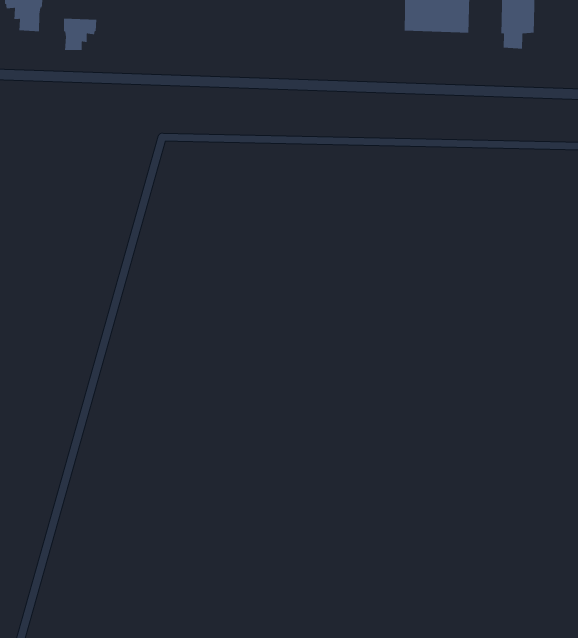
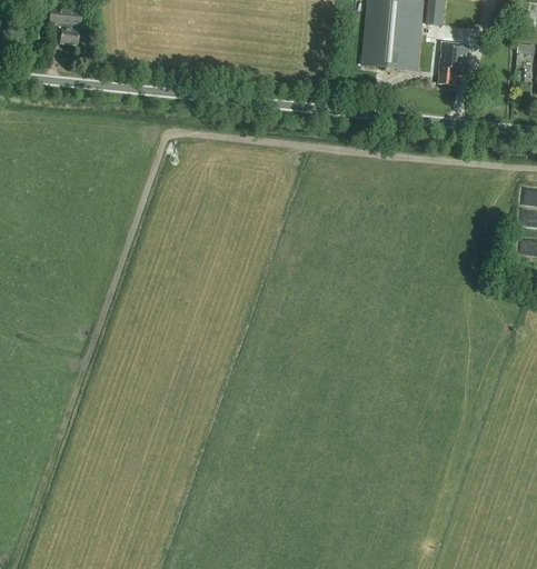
building: [63,18,97,51] -> none

